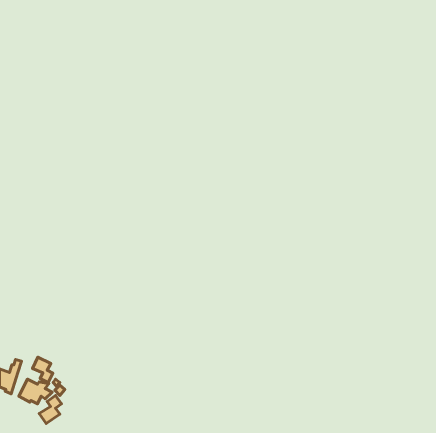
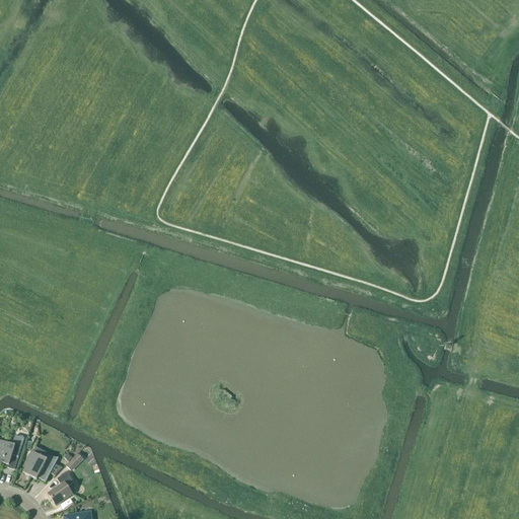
building: [32,357,53,383] -> none

